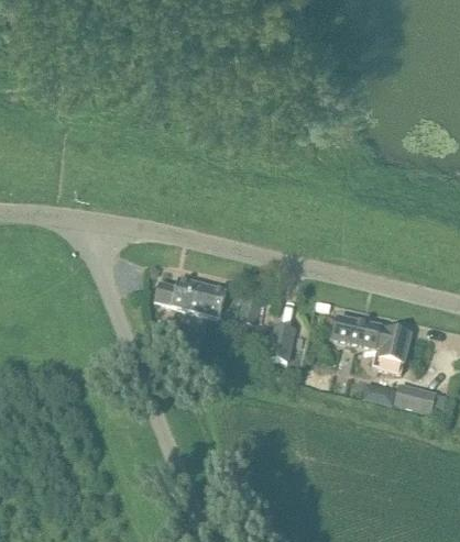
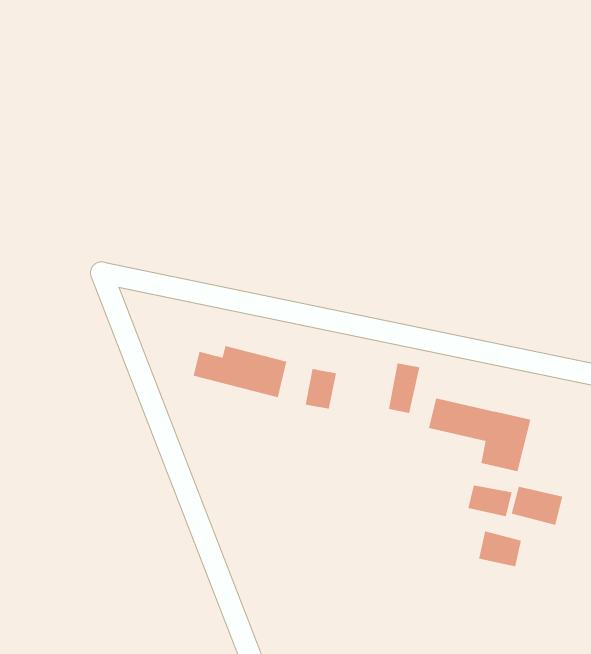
building: [270,323,294,362] -> [388,363,420,414]
building: none -> [478,531,521,567]

